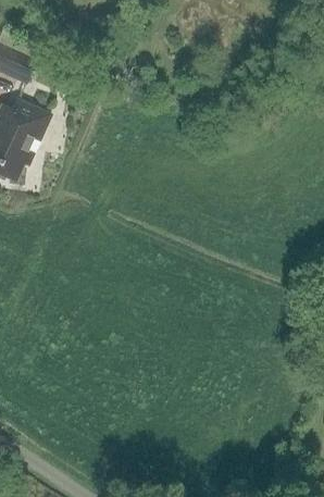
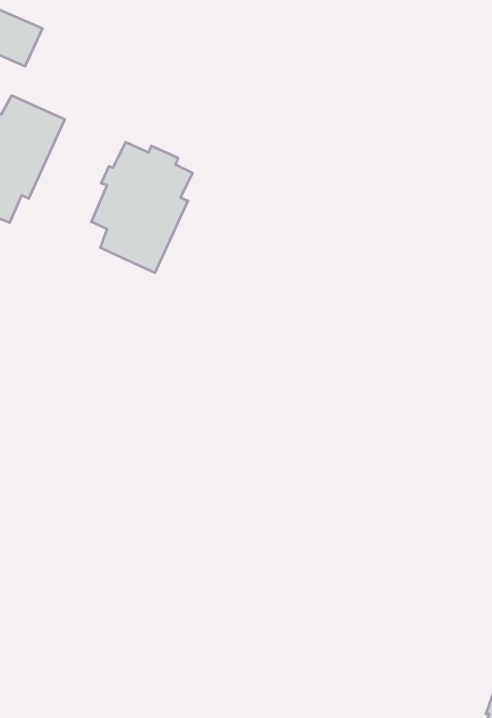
building: none -> [91,142,192,273]

